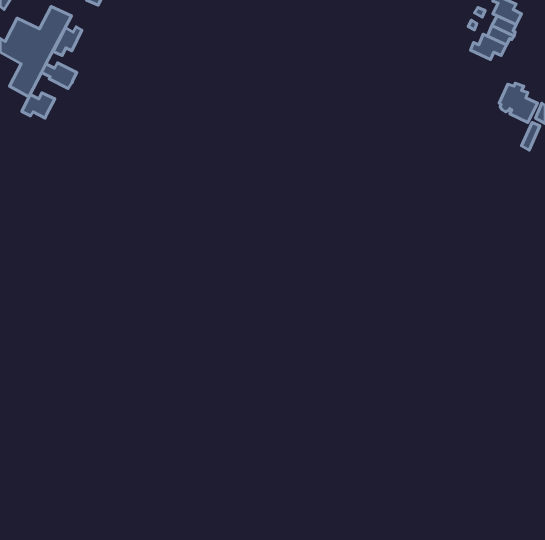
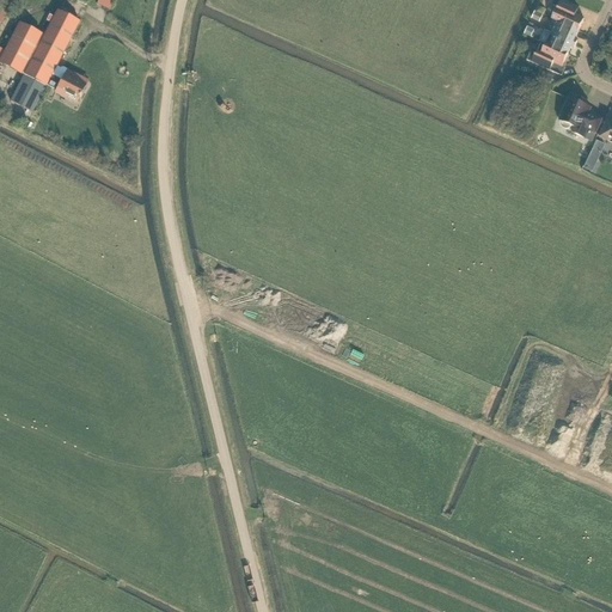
building: [53,27,82,55] -> none
building: [22,93,55,118] -> none

